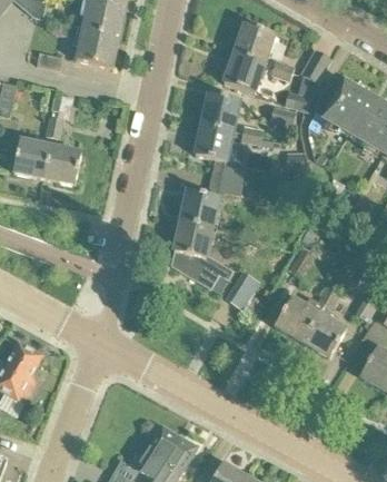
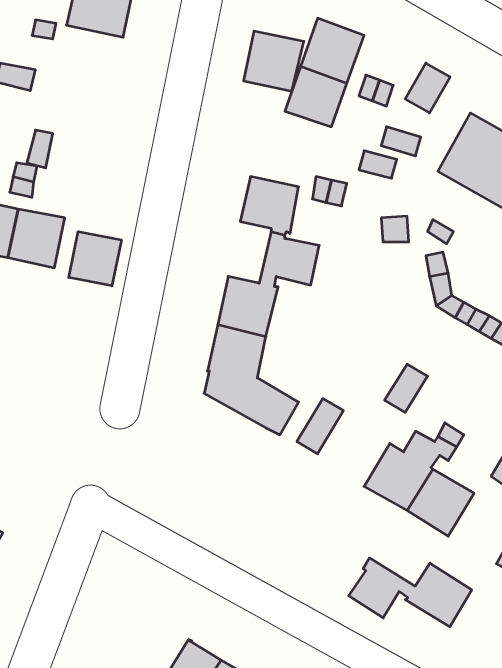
building: [76,26,119,66] -> none
building: [201,91,240,130] -> [244,31,304,91]
building: none -> [69,232,121,286]
building: none -> [349,558,472,627]

